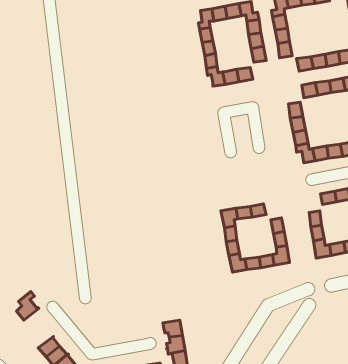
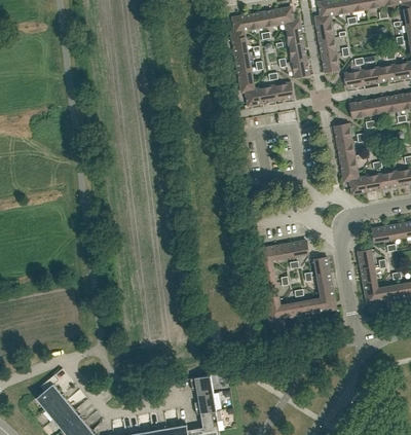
building: [17,292,39,320] -> [37,374,63,407]

